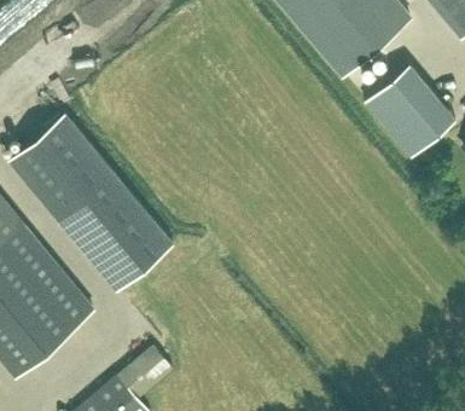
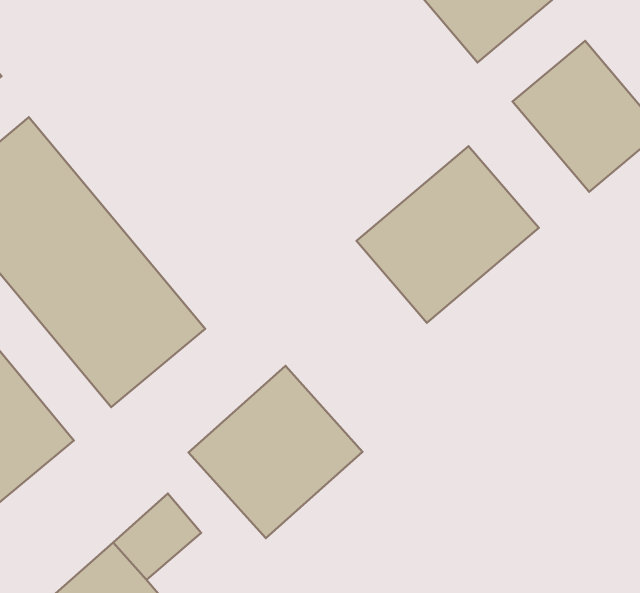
building: none -> [357,146,539,323]
building: none -> [189,366,363,538]

